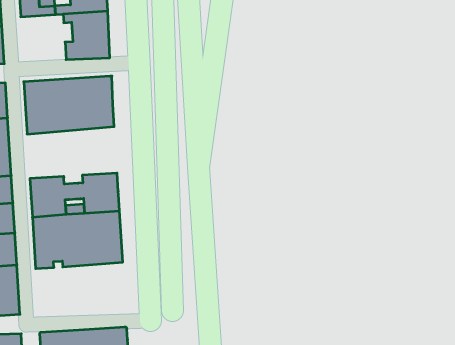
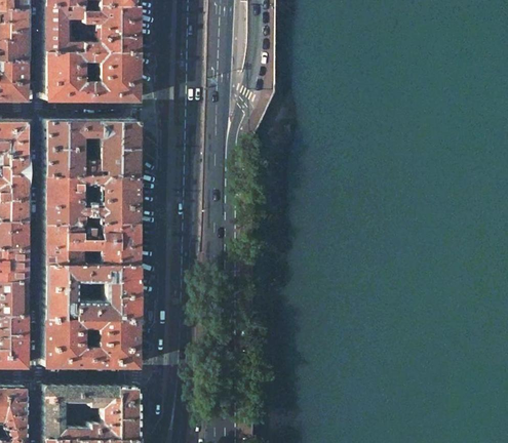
building: none -> [47,53,92,102]
building: none -> [46,175,139,225]
building: none -> [46,319,139,368]

